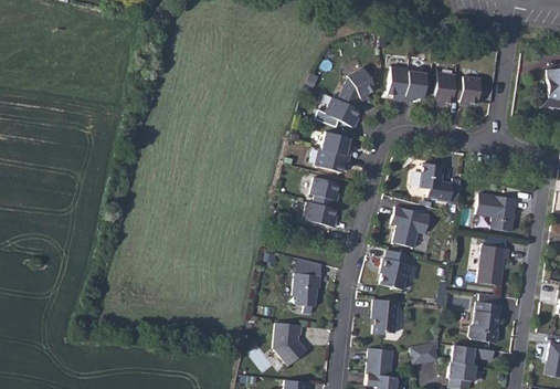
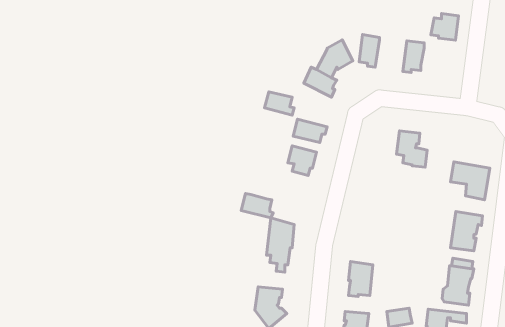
building: [400,66,421,96] -> none
building: [447,71,476,98] -> [431,14,459,40]
building: [321,133,352,157] -> [264,92,294,115]
building: [304,202,337,228] -> [241,194,273,218]
building: [393,206,432,246] -> none
building: [381,249,411,288] -> none

